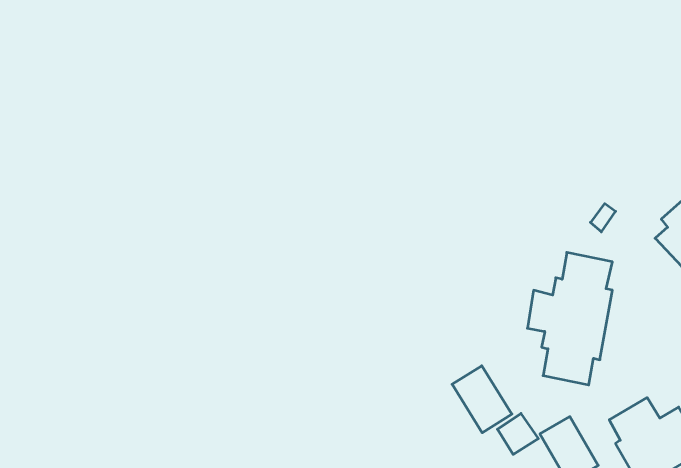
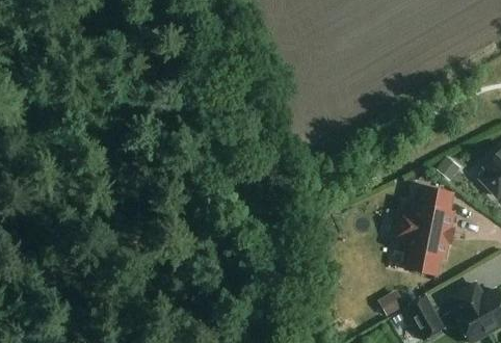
building: [452,366,512,433] -> none

